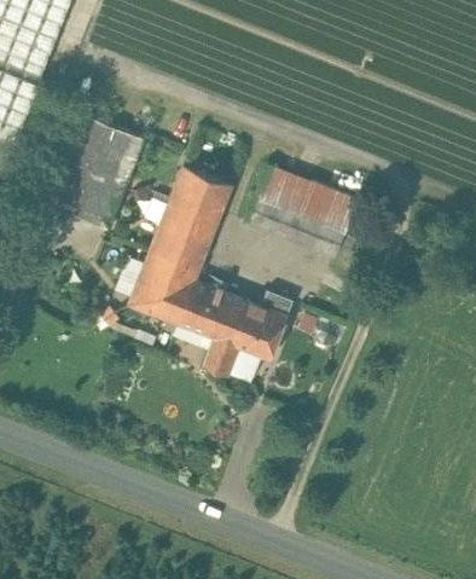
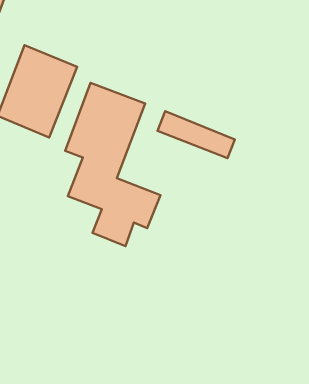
building: [257,162,359,227] -> none
building: [207,286,295,372] -> none

